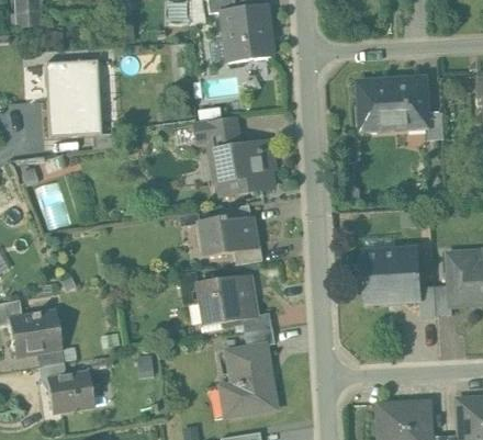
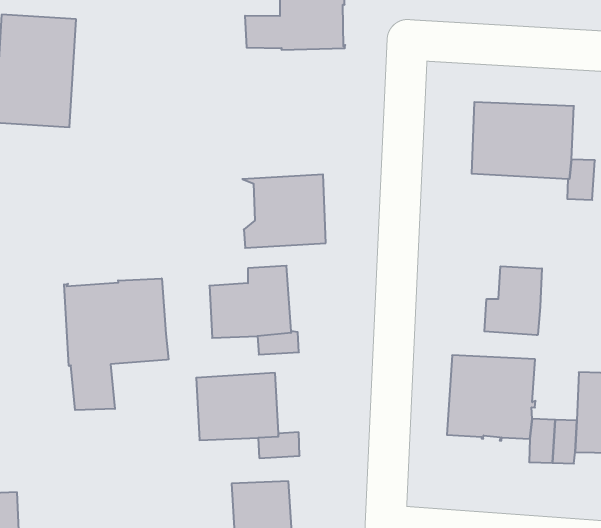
building: [195,117,239,150] -> none
building: none -> [484,266,542,335]
building: none -> [64,278,169,410]

